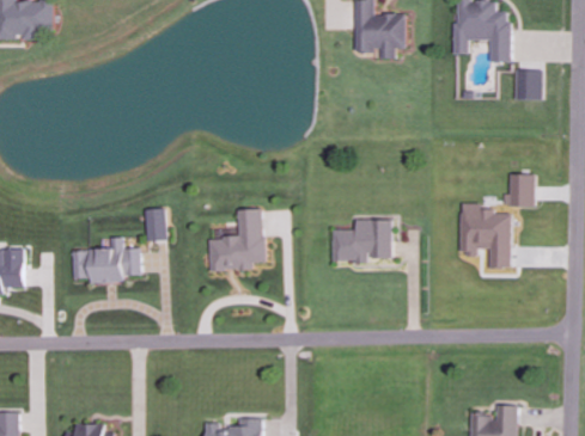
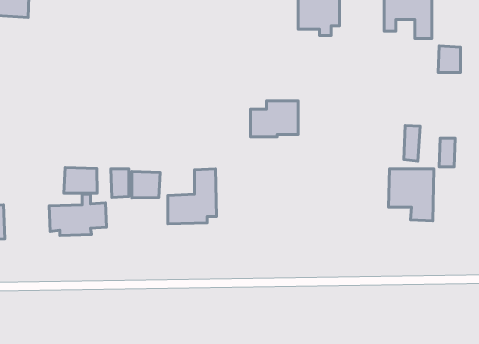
building: none -> [404,125,420,161]
building: none -> [64,167,97,193]
building: none -> [132,171,160,198]
building: [336,221,390,262] -> [251,101,298,137]

